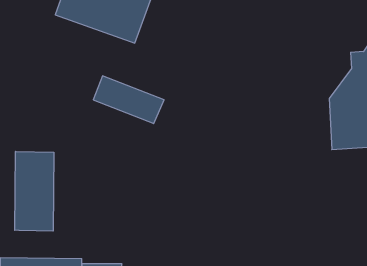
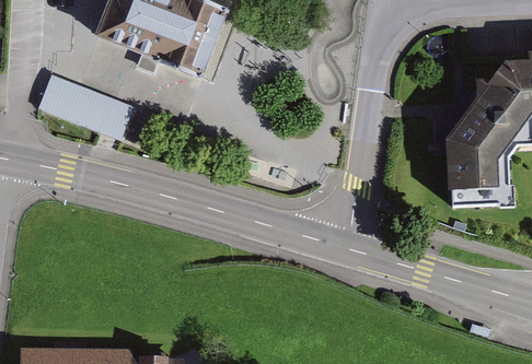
building: [93,76,164,124] -> [37,73,128,134]
building: [15,151,54,231] -> none

